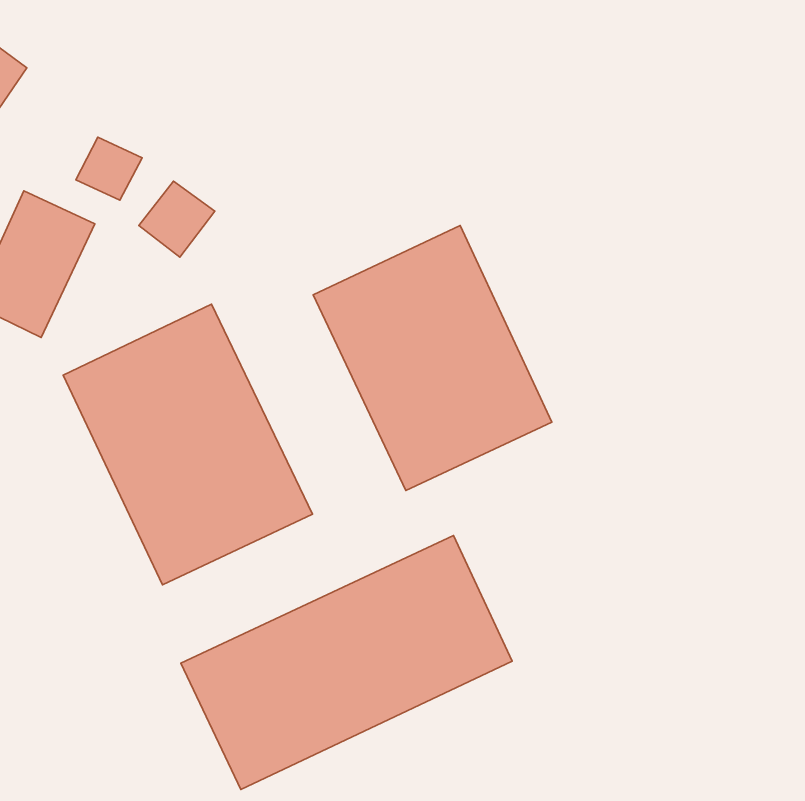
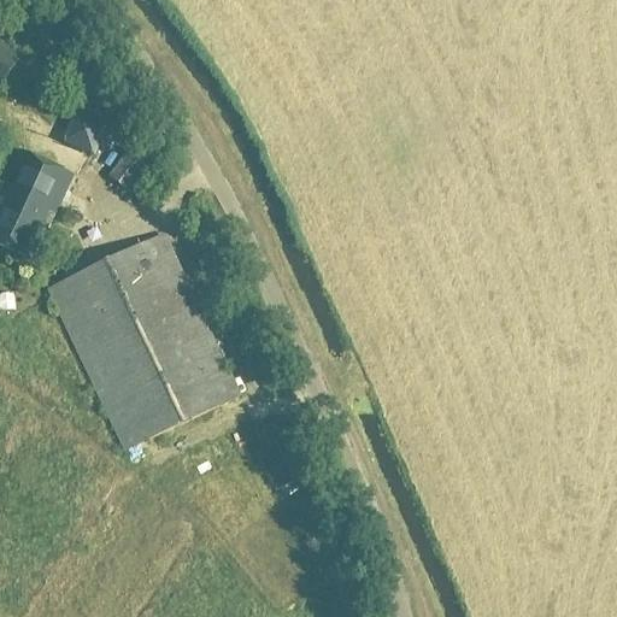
building: [313,225,552,490] -> none
building: [181,535,512,789] -> none

